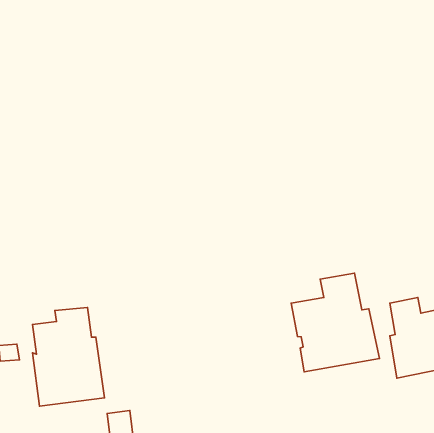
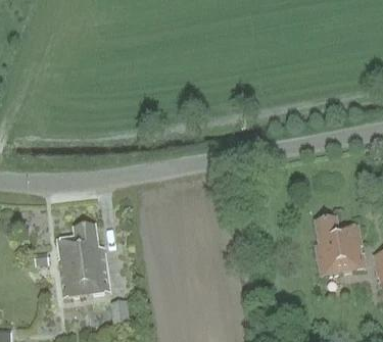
building: [291,273,379,372] -> none

